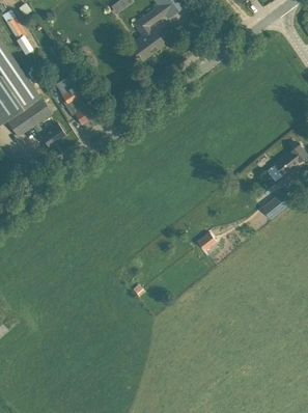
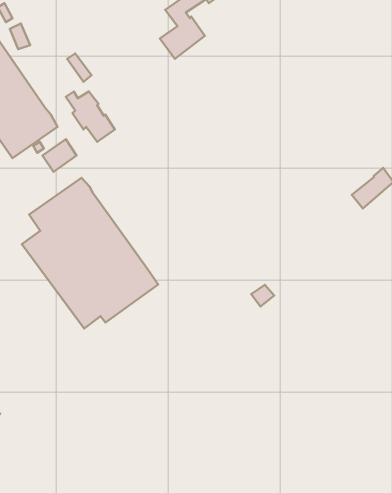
building: none -> [22,178,158,328]
building: [261,190,291,219] -> none

